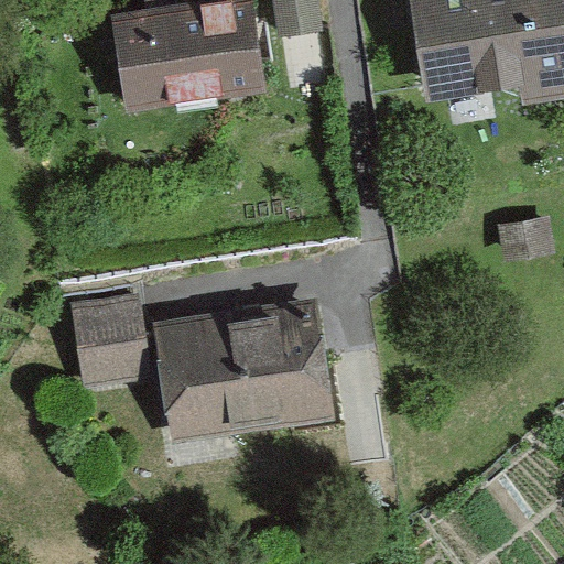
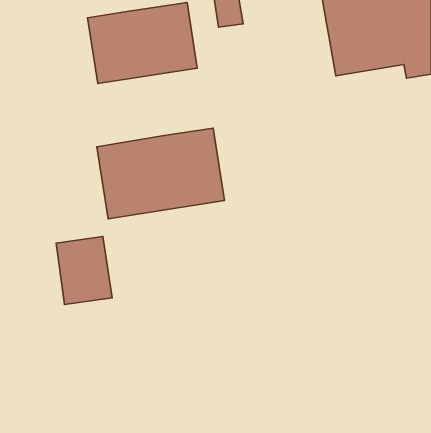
building: none -> [97,128,224,219]
building: [155,300,326,438] -> none

